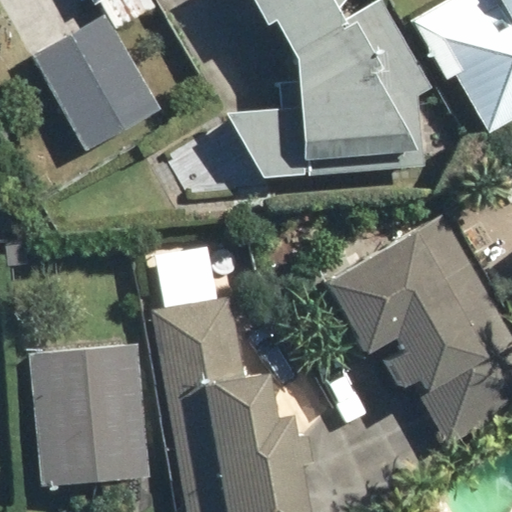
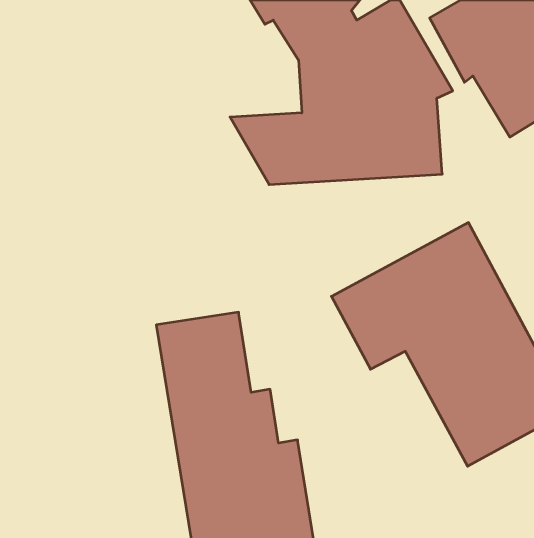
building: [33,14,163,151] -> none
building: [25,341,150,486] -> none

